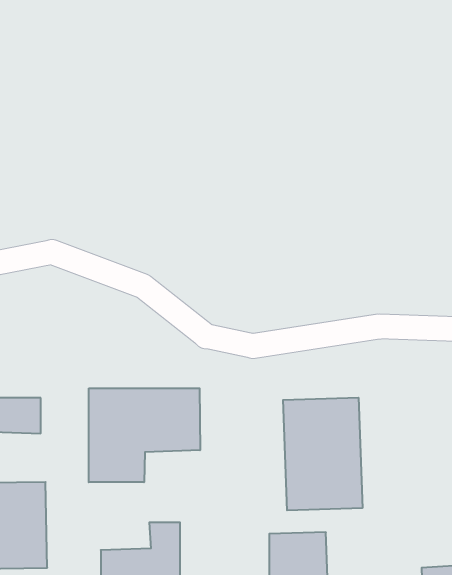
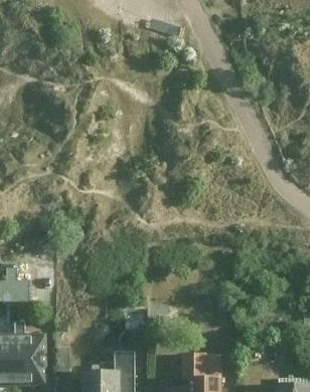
building: [89,388,200,482] -> none
building: [283,398,362,510] -> none

